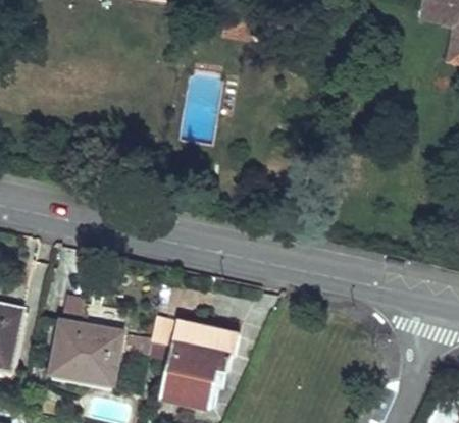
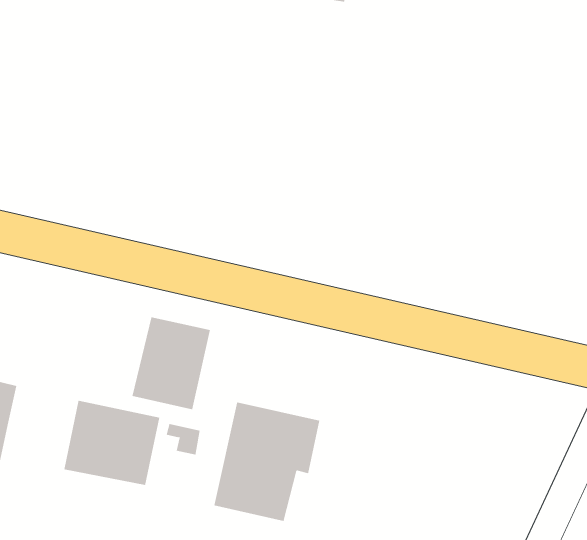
building: none -> [132,316,210,410]

